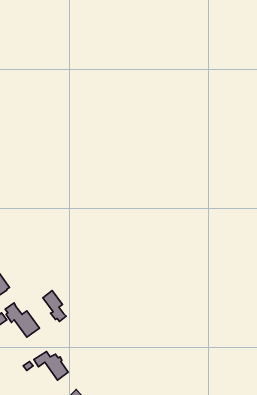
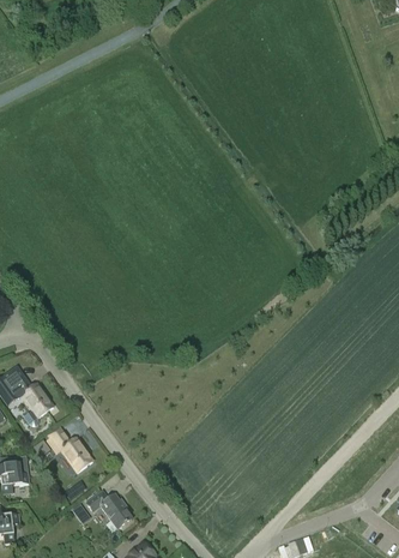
building: [43,291,66,322] -> none

